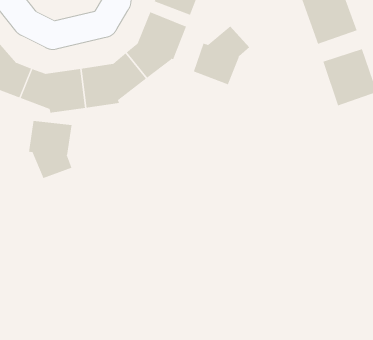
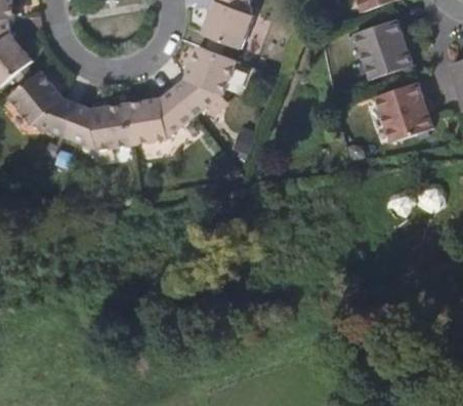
building: [193,25,250,85] -> none
building: [28,120,72,179] -> none

